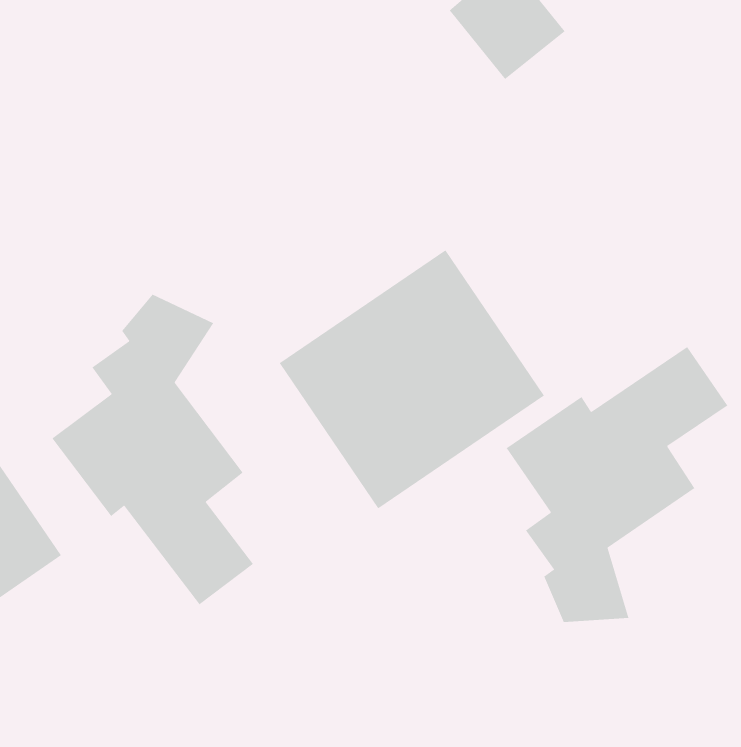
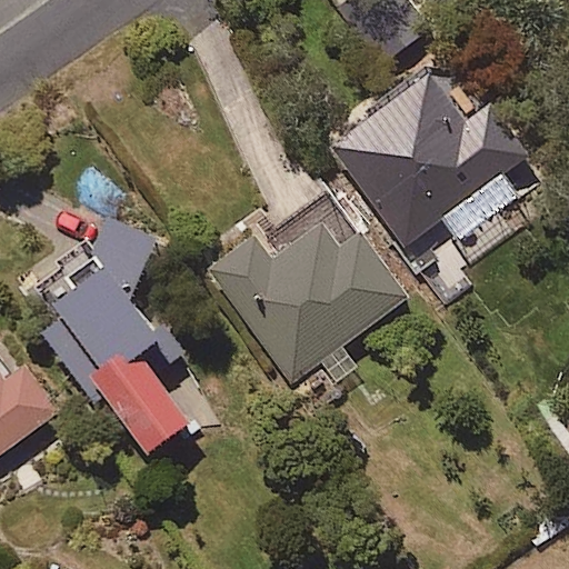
building: none -> [331,80,530,246]
building: [506,346,728,623] -> none

